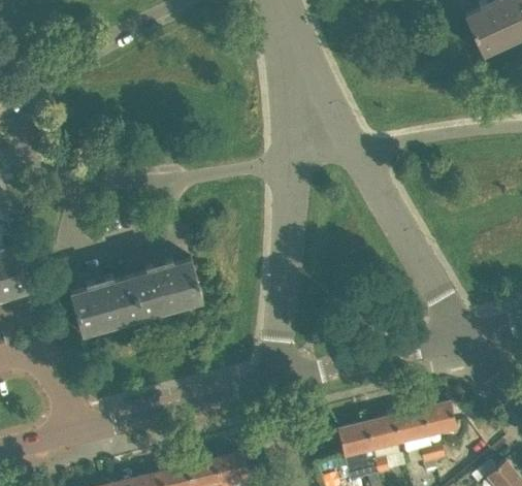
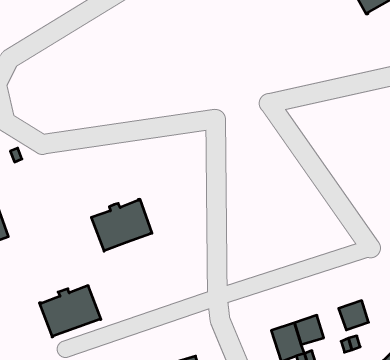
building: [69,277,142,335] -> [39,286,101,337]
building: [394,410,428,444] -> none

